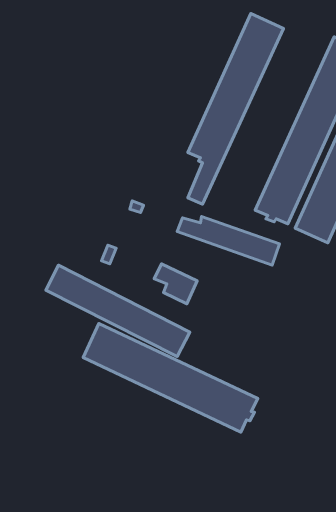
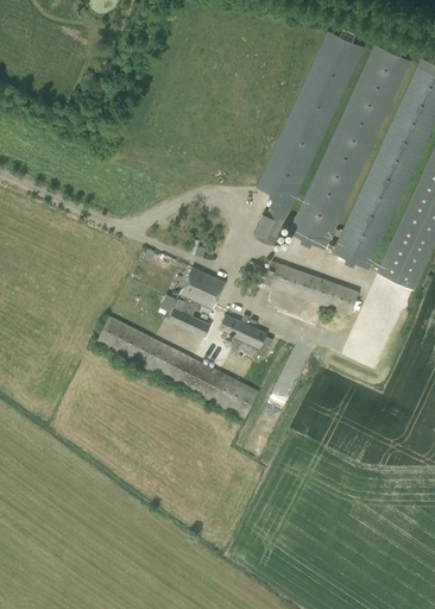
building: none -> [289,44,411,250]
building: none -> [168,268,226,338]
building: [83,324,258,432] -> none

